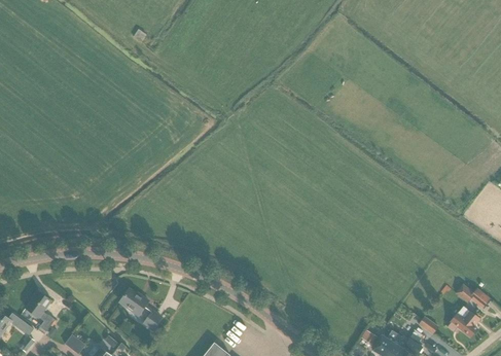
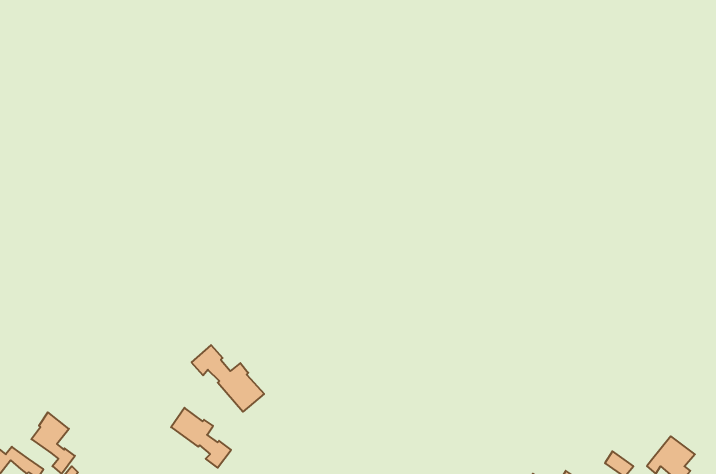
building: none -> [192,345,264,412]
building: [455,284,490,309] -> none

